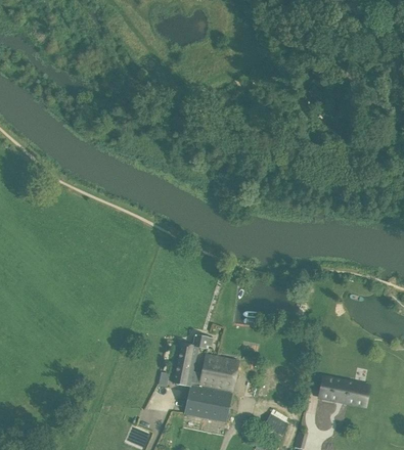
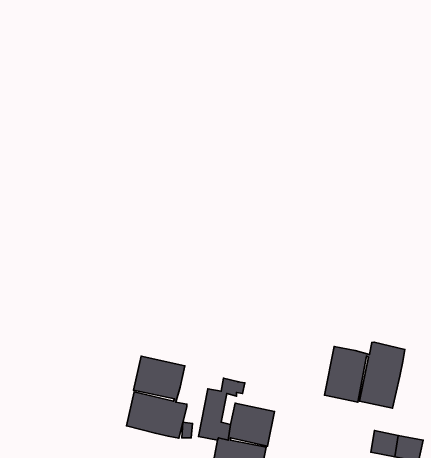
building: none -> [325,342,405,408]
building: none -> [126,356,187,438]

